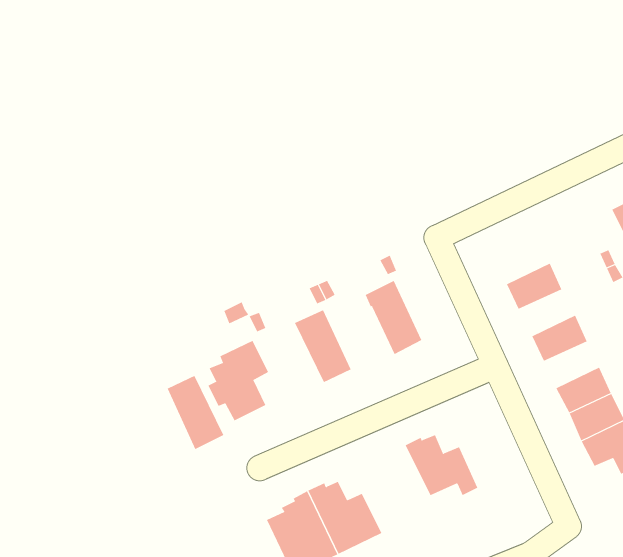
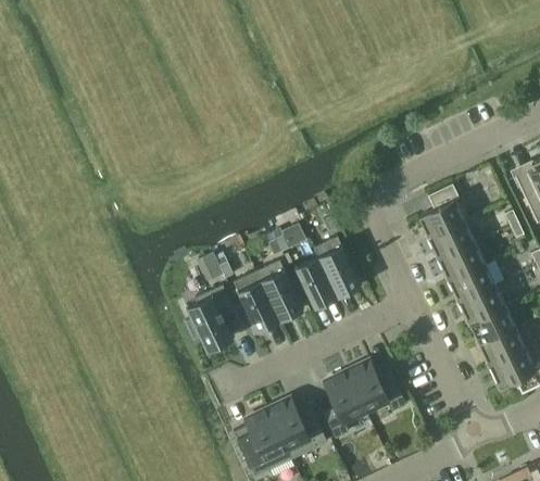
building: none -> [418,183,465,238]
building: none -> [439,242,486,280]
building: none -> [296,256,338,306]
building: none -> [460,284,505,322]
building: [167,375,224,450] -> [234,269,280,330]
building: none -> [324,369,367,438]

